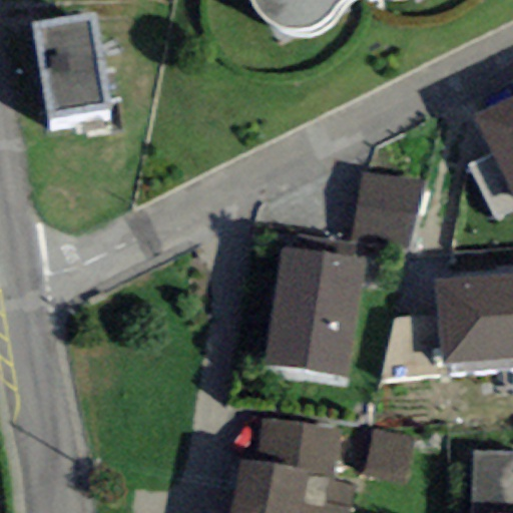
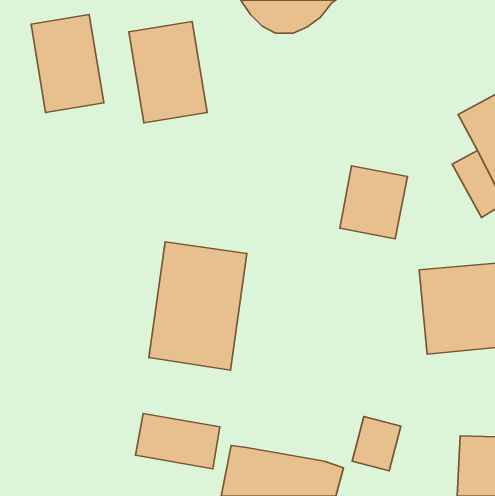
building: none -> [129,21,207,123]
building: [265,245,366,378] -> [149,242,247,370]
building: [255,419,343,476] -> [135,413,220,469]

